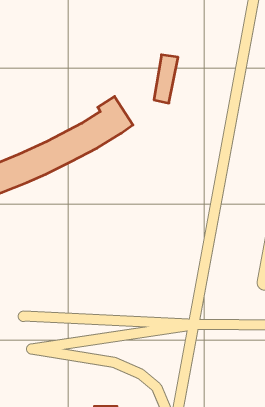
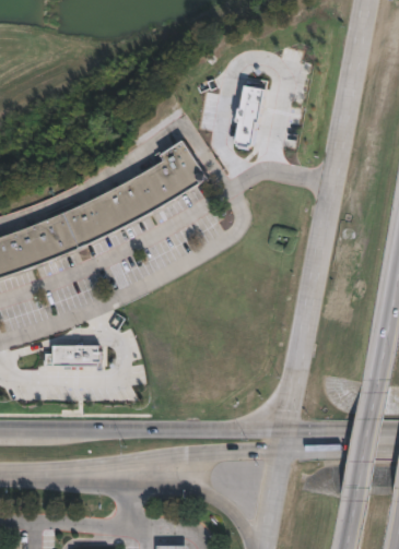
building: none -> [45,345,101,365]

